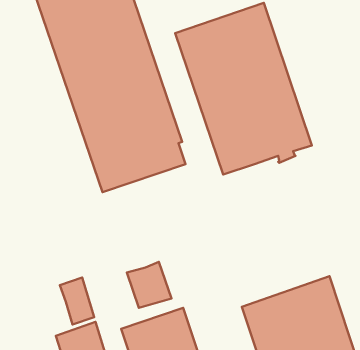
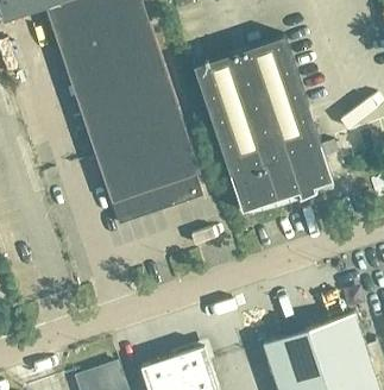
building: [127,262,171,308] -> none
building: [60,277,94,324] -> none

